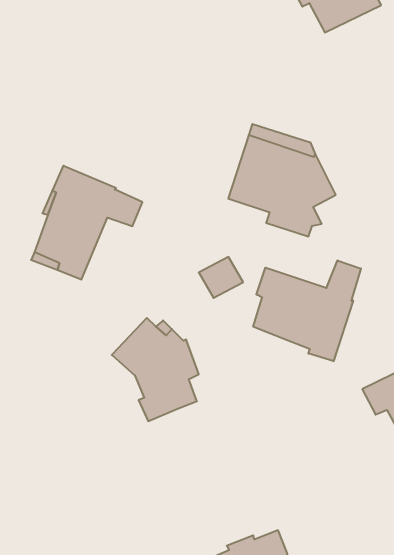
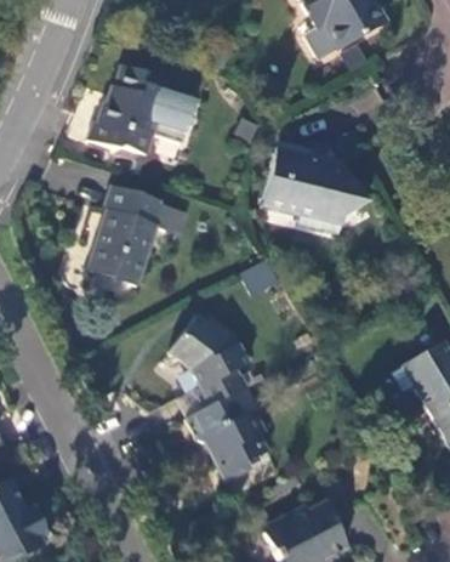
building: none -> [86,68,194,157]
building: [253,260,361,361] -> none
building: none -> [186,397,267,483]

